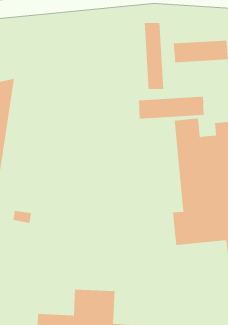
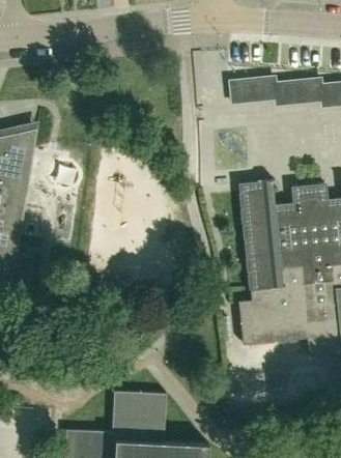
building: [144,22,164,90] -> none
building: [139,96,204,119] -> none

